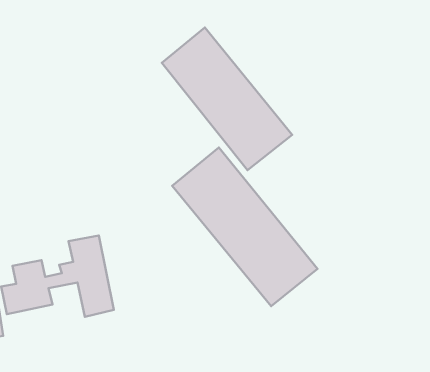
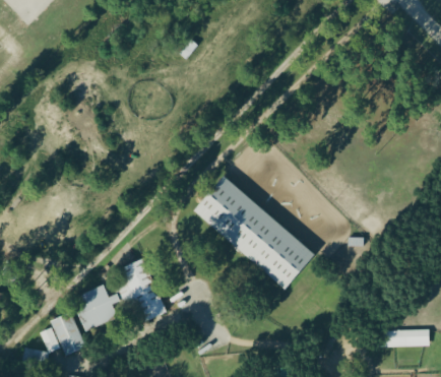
building: [162,28,292,170] -> none

